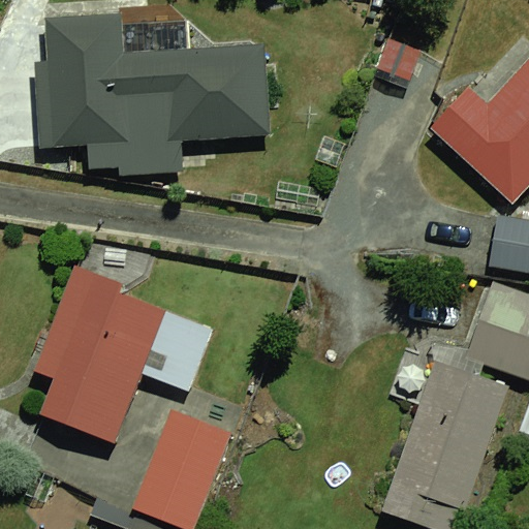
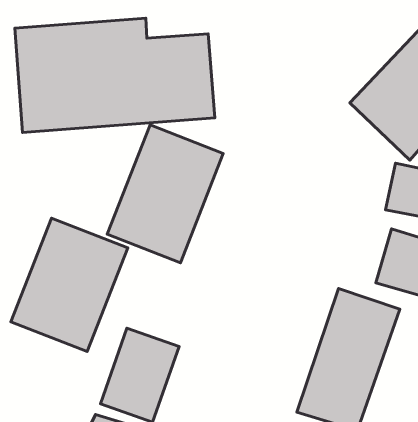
building: none -> [107,125,223,263]

